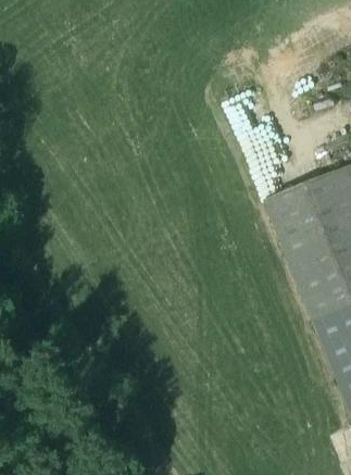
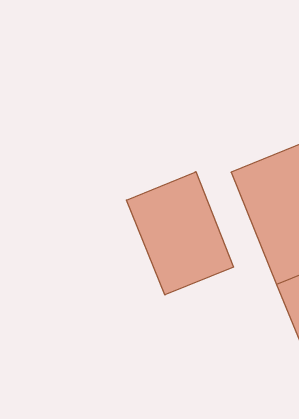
building: none -> [126,172,234,295]

